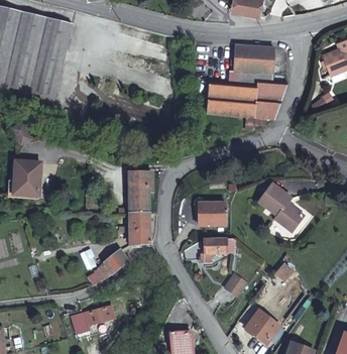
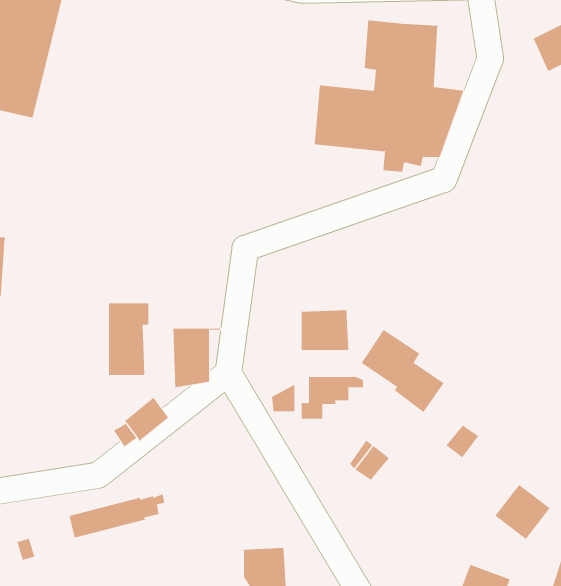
building: [130,173,152,213] -> [108,303,149,375]
building: [257,187,303,232] -> [361,329,444,413]
building: [247,311,277,341] -> [495,484,550,540]

